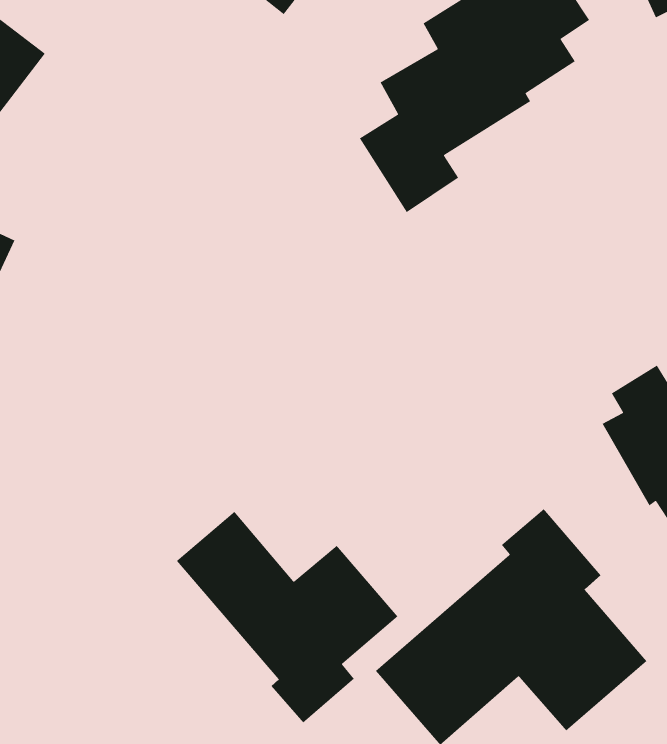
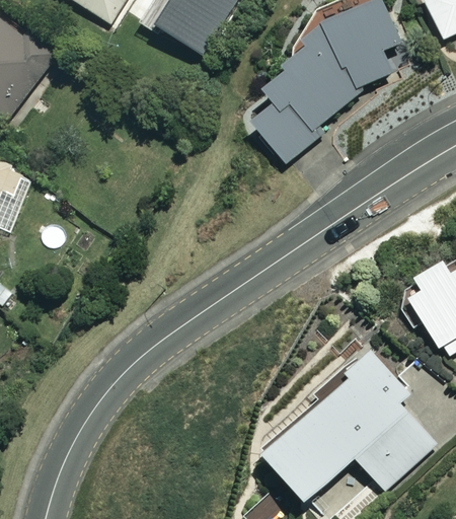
building: [176,511,399,724] -> none

